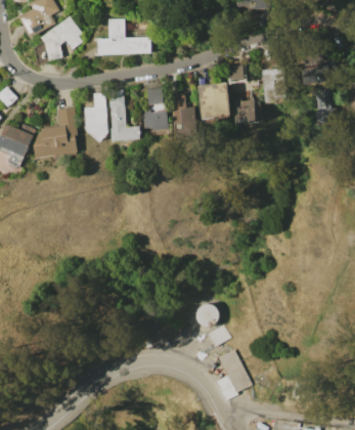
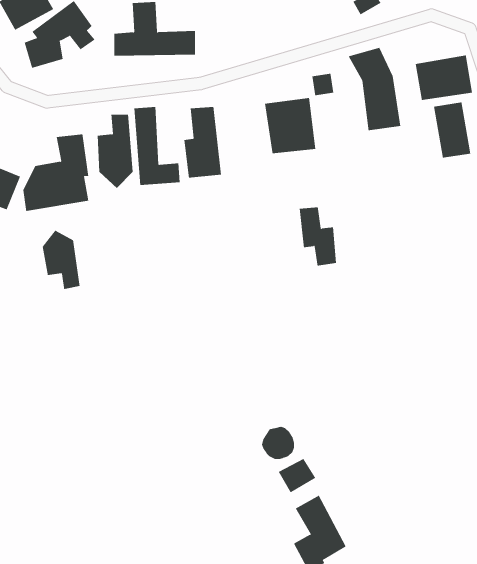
building: [171,93,196,133] -> [299,207,337,266]
building: [234,99,255,123] -> none
building: none -> [42,230,80,290]

